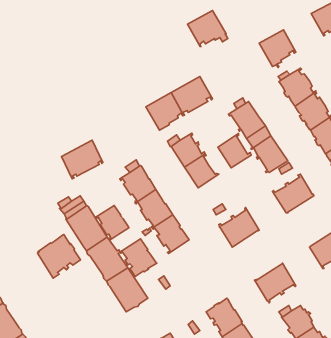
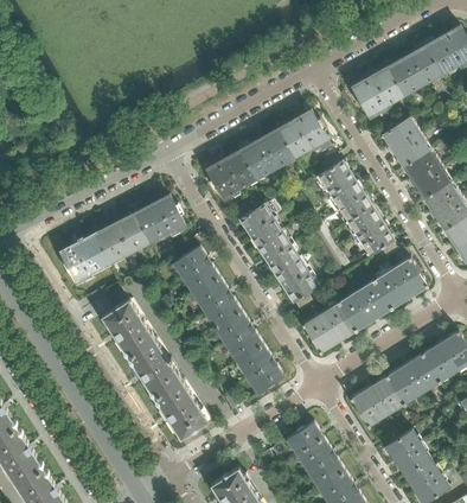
building: [187,11,228,46] -> [277,110,331,158]
building: none -> [388,45,441,96]
building: none -> [135,195,185,242]
building: [218,134,251,168] -> [275,257,319,303]
building: none -> [60,234,109,282]
building: none -> [338,280,391,331]
building: [95,206,129,240] -> none
building: [37,235,80,278] -> none
building: [120,239,157,276] -> [236,344,284,394]
building: none -> [386,354,440,405]

